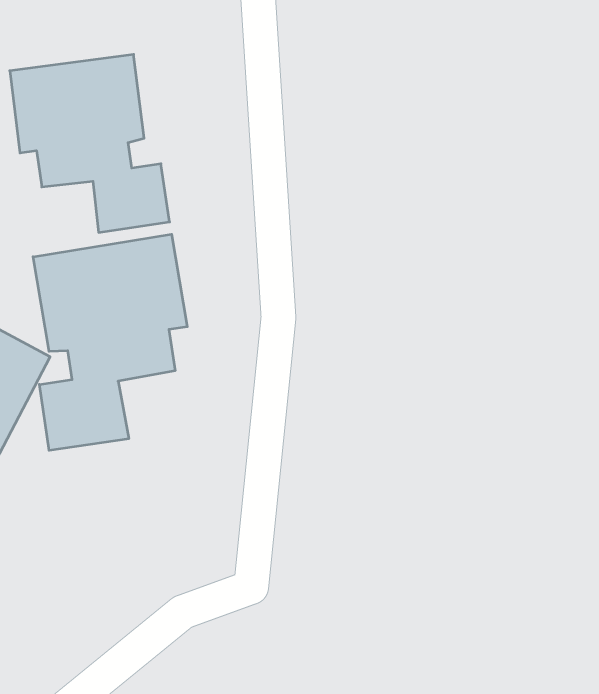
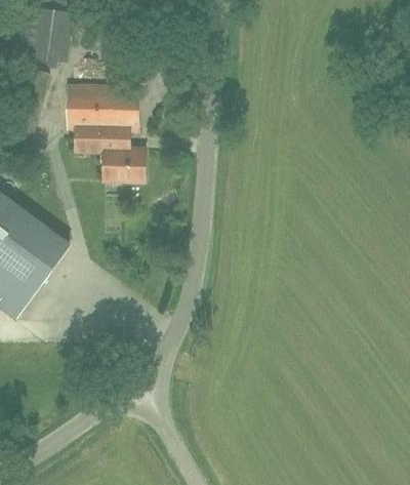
building: [33,234,187,450] -> none

